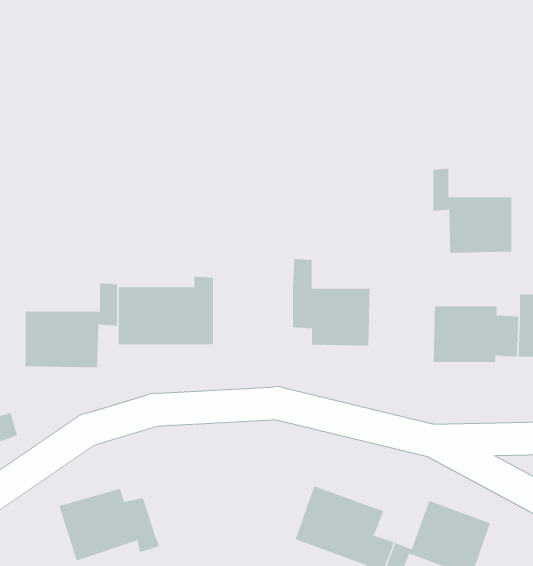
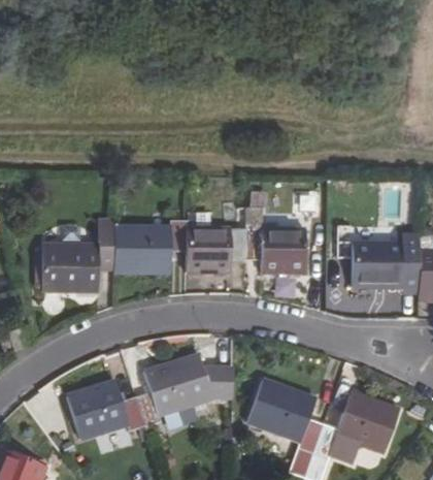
building: [433,168,512,254] -> none
building: none -> [187,229,246,275]
building: none -> [133,356,233,427]

